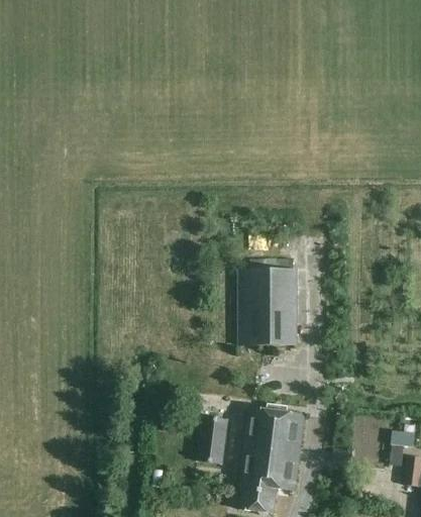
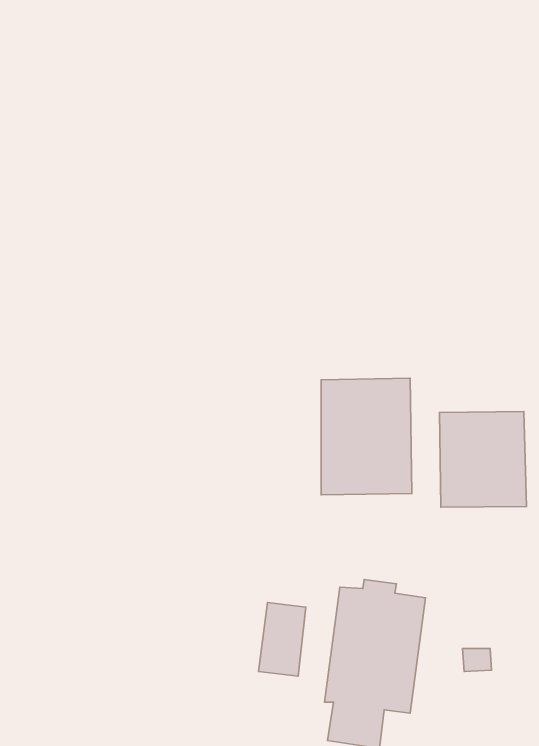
building: none -> [440,412,527,507]

